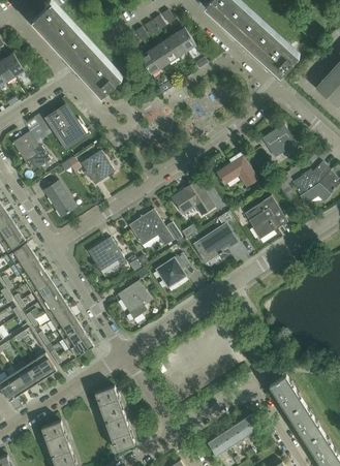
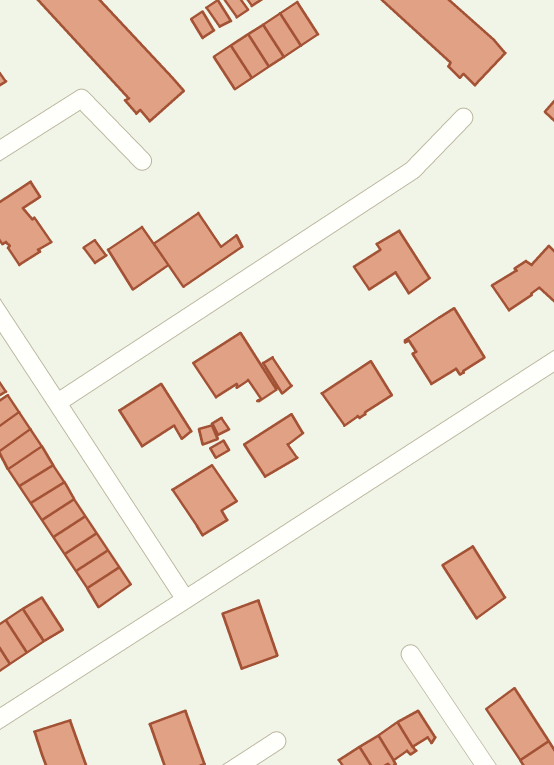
building: [45,108,83,149] -> none
building: [260,125,295,158] -> none
building: none -> [154,213,242,287]
building: [42,181,75,217] -> none
building: [171,181,213,215] -> none
building: [269,375,303,414] -> [443,546,505,618]
building: [93,385,123,423] -> [223,601,277,669]

